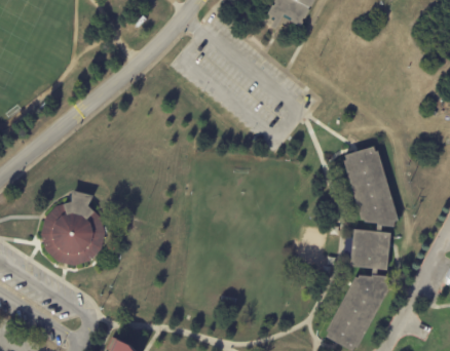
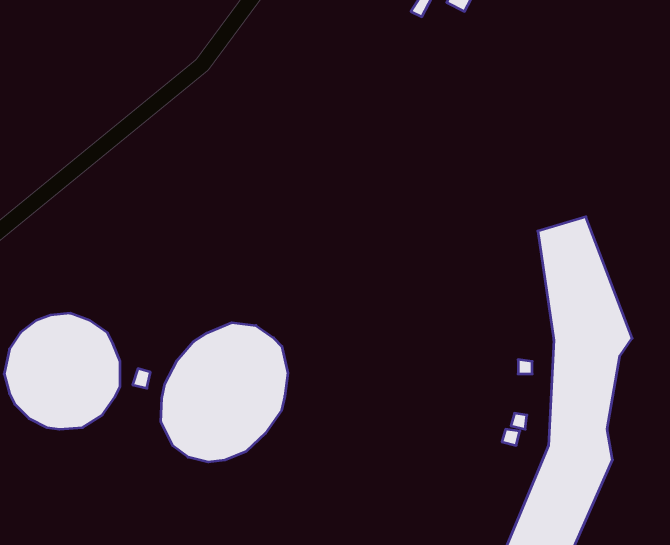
building: none -> [161,323,288,462]

